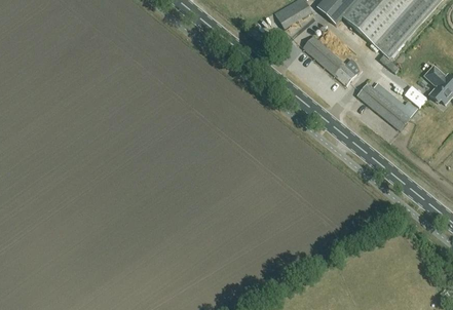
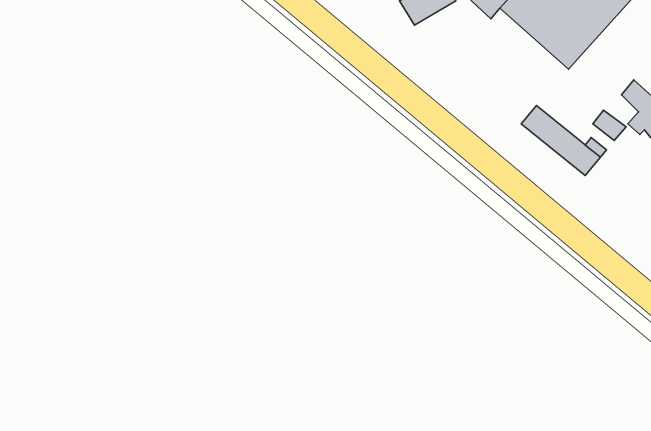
building: [303,36,356,85] -> none

